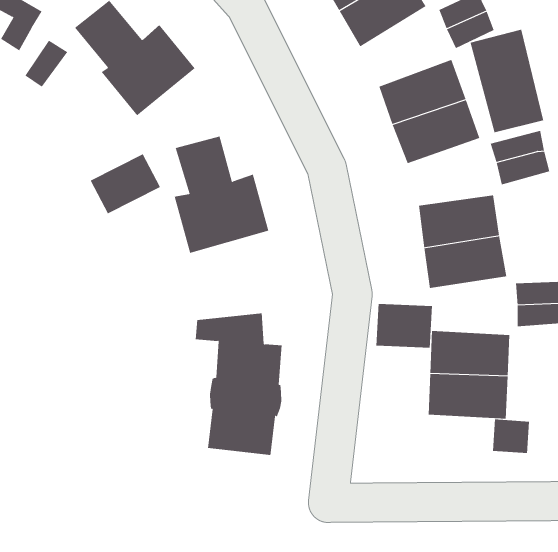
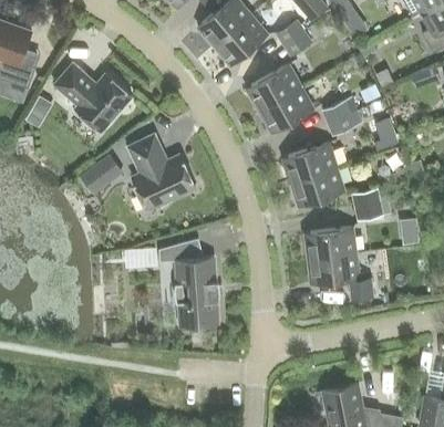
building: [470,29,544,133] -> none
building: [376,303,433,348] -> none

